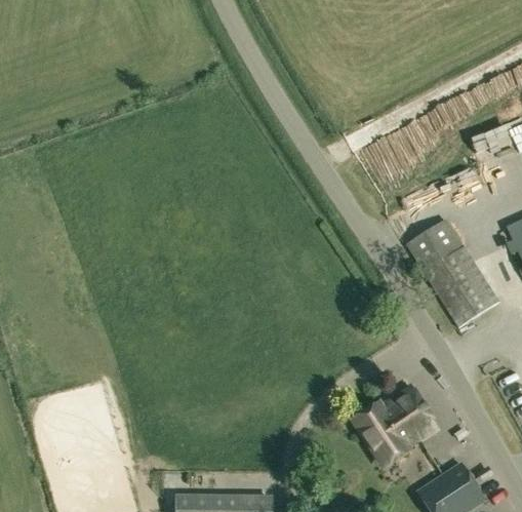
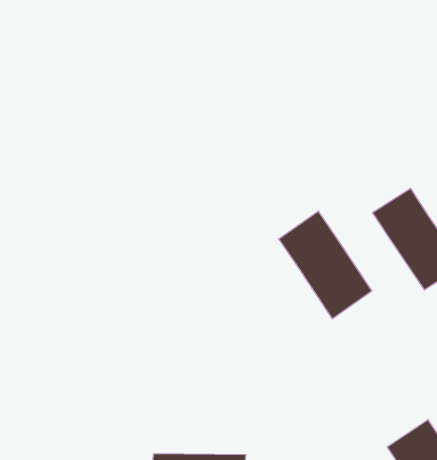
building: none -> [279,211,372,319]
building: [354,384,439,466] -> none

